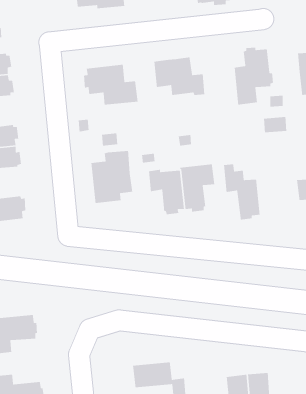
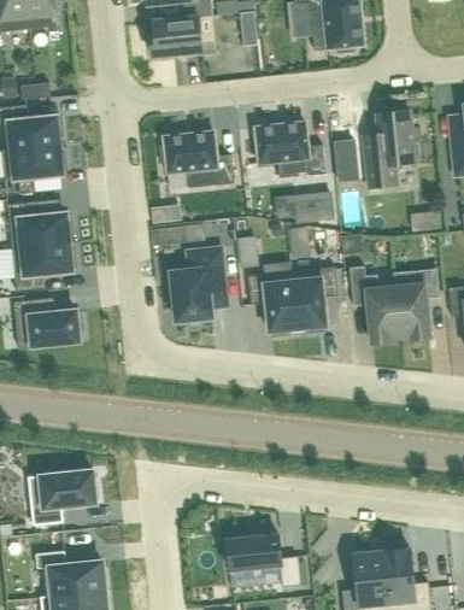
building: none -> [334,140,358,181]
building: none -> [276,193,333,221]
building: none -> [394,269,440,339]

